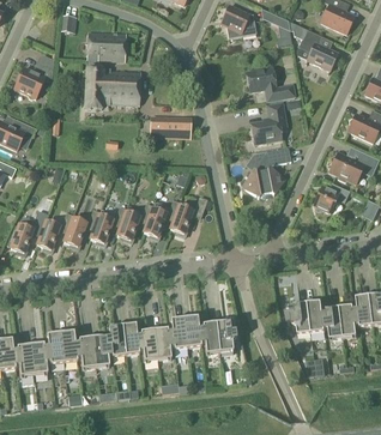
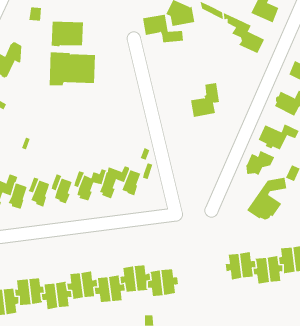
building: [246,66,295,99] -> [142,14,184,43]
building: [151,116,191,137] -> none
building: [243,147,291,198] -> [246,177,287,220]

